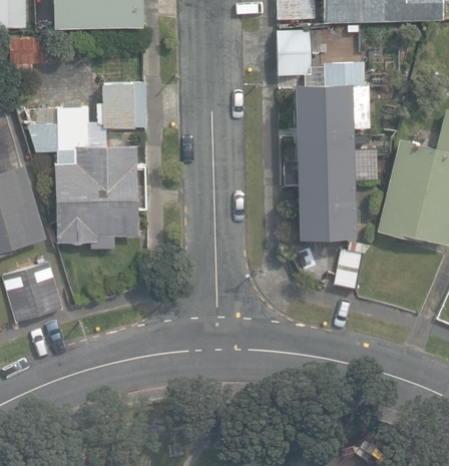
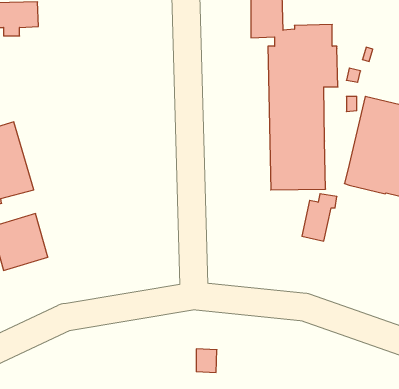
building: [25,83,146,249] -> none

